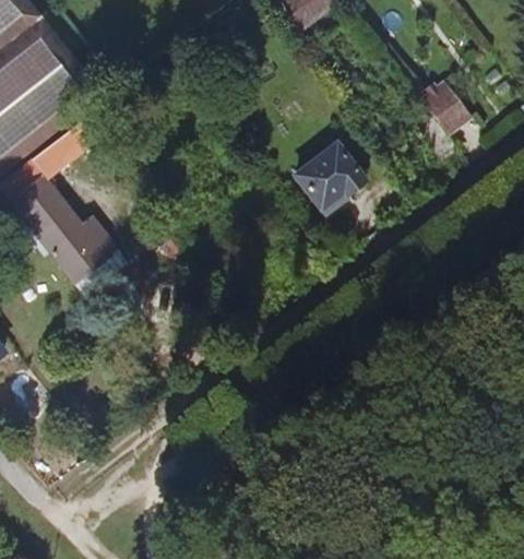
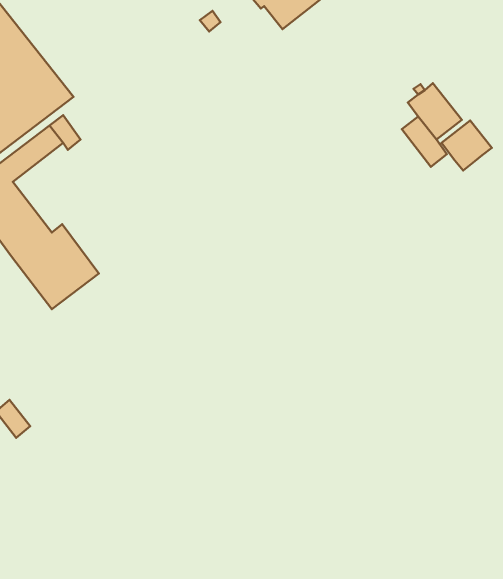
building: none -> [442,120,492,171]
building: [295,142,364,205] -> none

